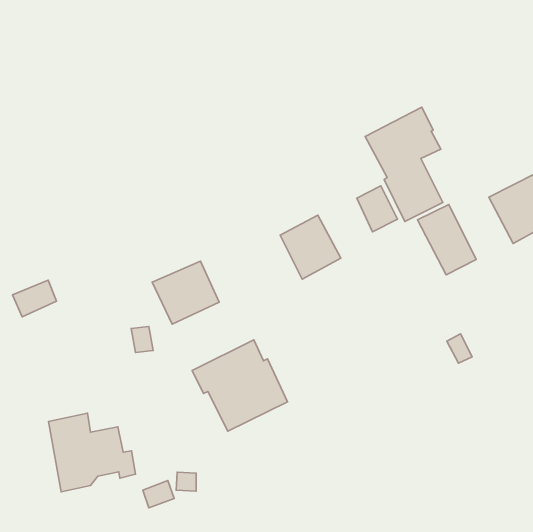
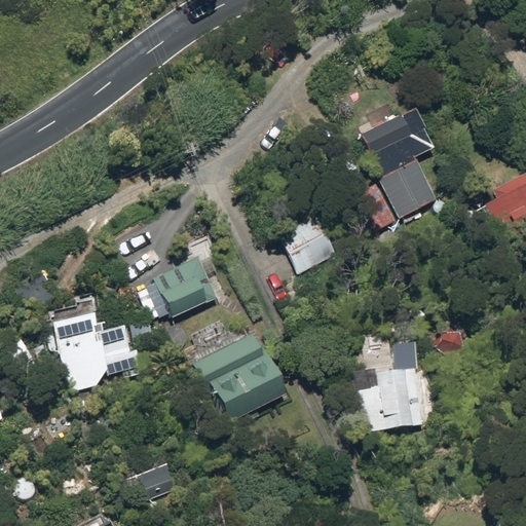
building: [417,204,476,275] -> none
building: none -> [353,368,423,431]
building: [49,413,136,492] -> [54,313,140,390]

